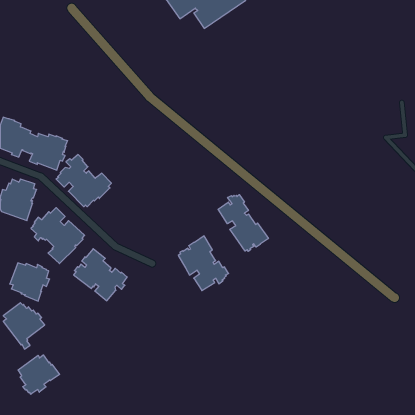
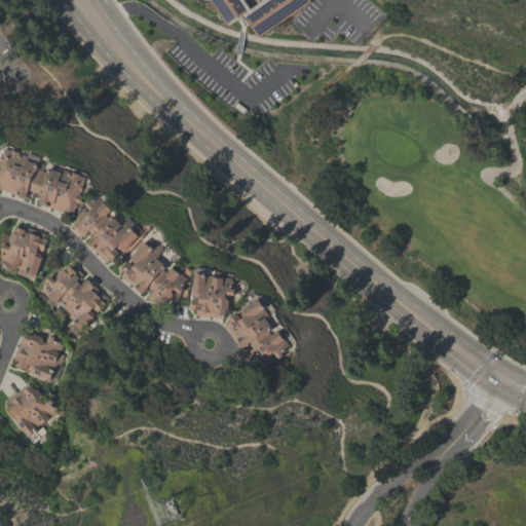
building: [218,195,268,251] -> none
building: none -> [191,273,236,316]
building: [74,249,127,301] -> [120,242,188,308]
building: [18,355,60,394] -> none

